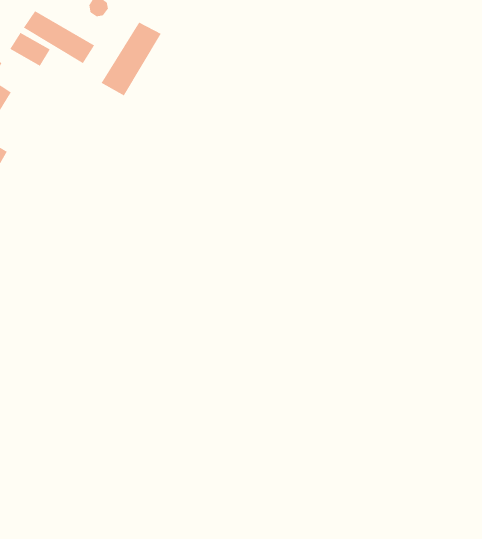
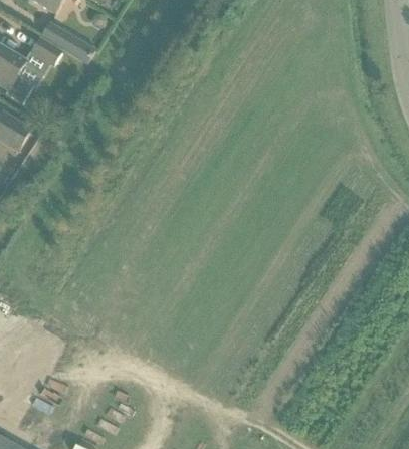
building: [100,21,162,96] -> none

